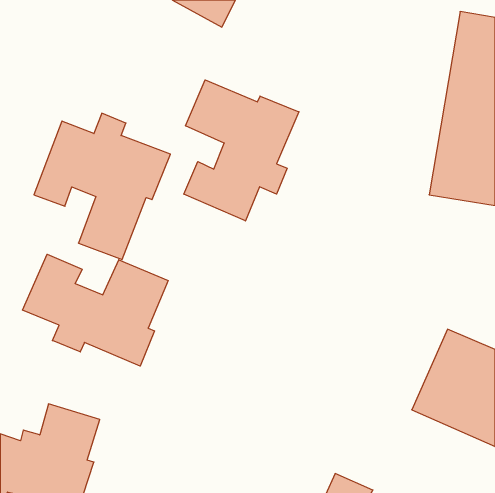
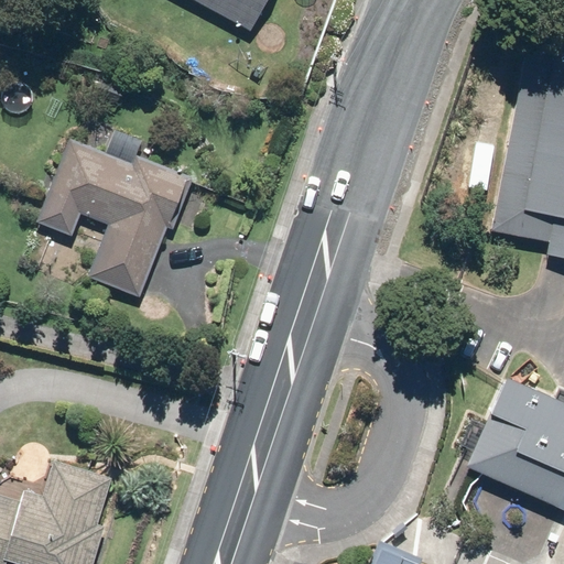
building: [184,80,299,221] -> none
building: [23,254,168,366] -> none

